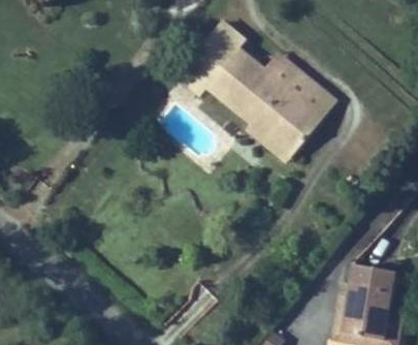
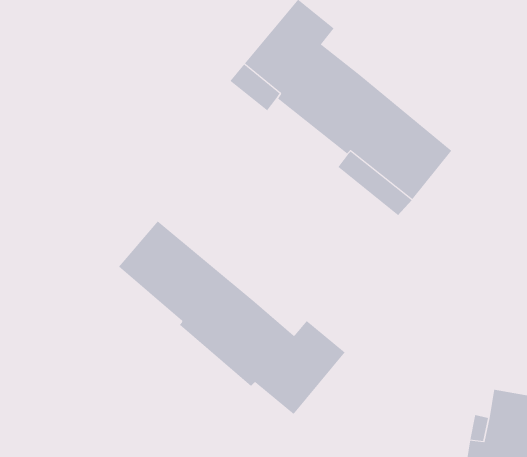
building: [272,57,349,125] -> none
building: none -> [118,221,346,415]

